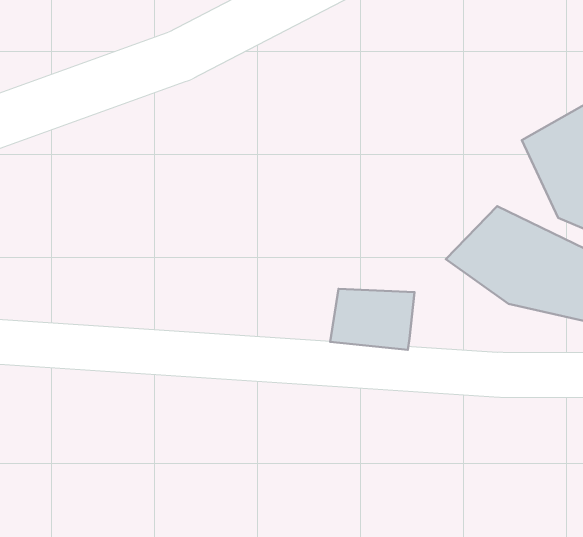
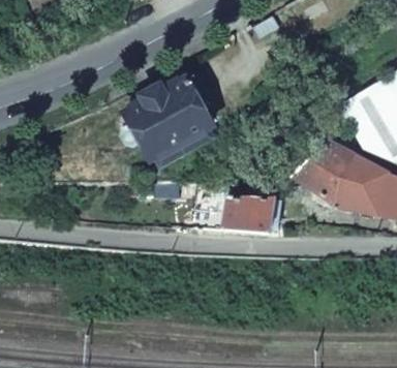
building: none -> [121,76,211,159]

